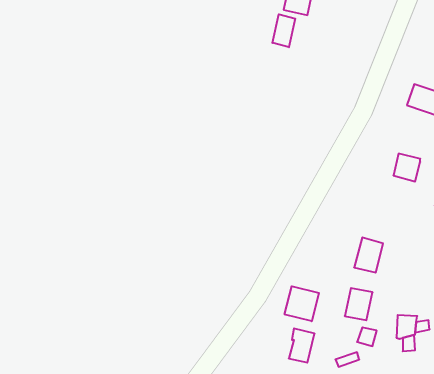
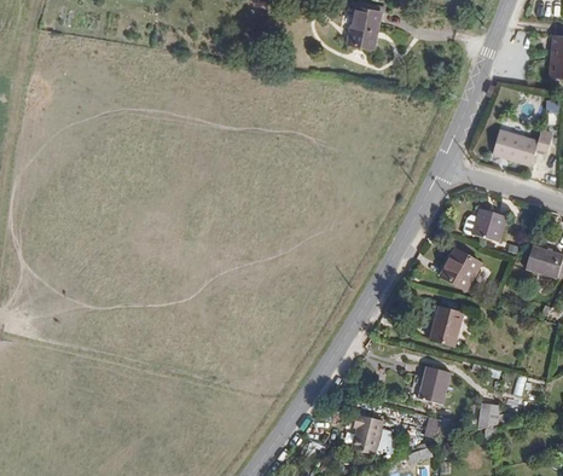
building: [272,14,295,47] -> none
building: none -> [440,246,482,290]
building: [285,286,319,321] -> none

